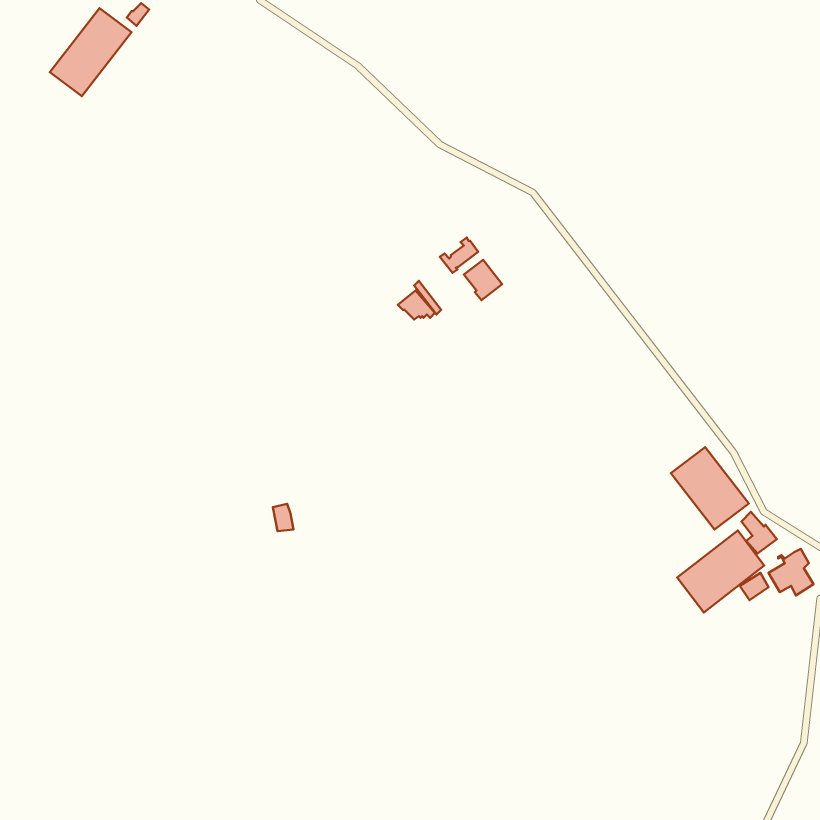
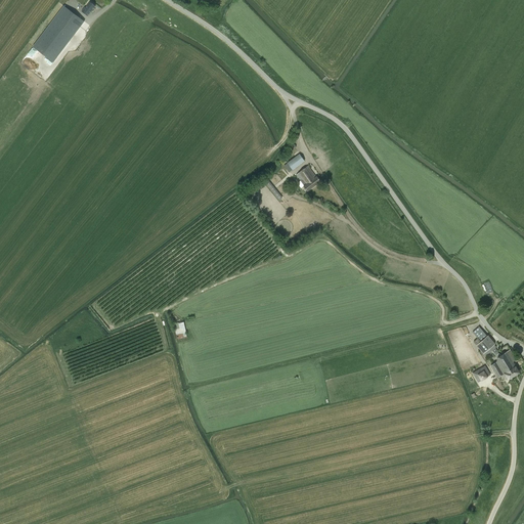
building: [671,447,749,529] -> none
building: [677,531,764,612] -> none

